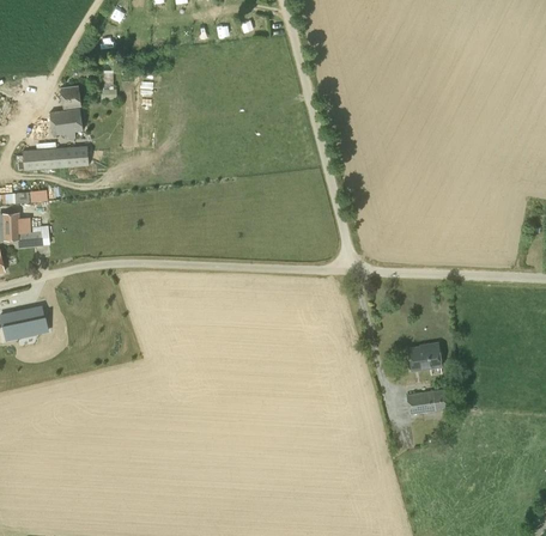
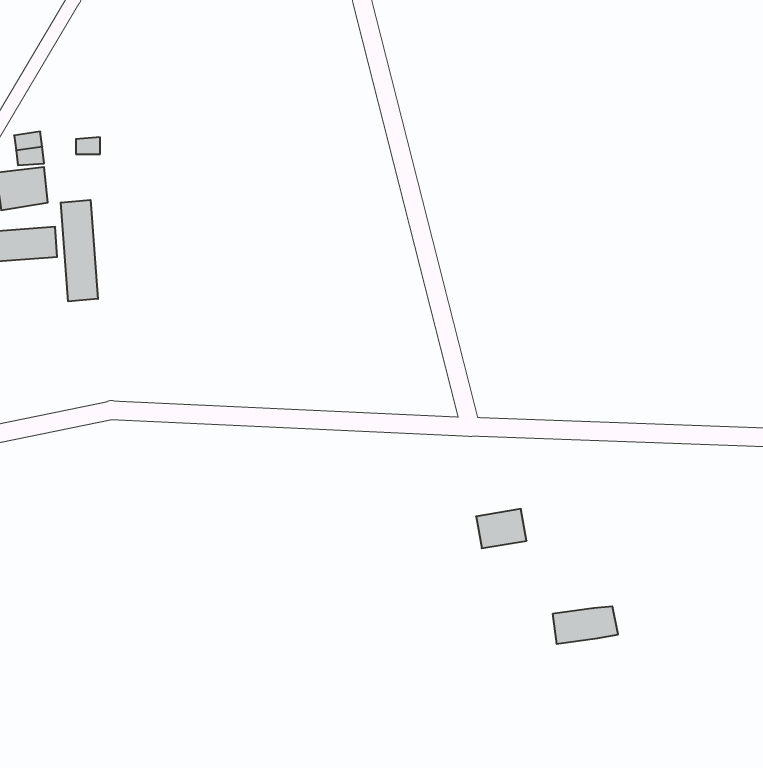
building: none -> [61,200,98,301]
building: [407,343,439,368] -> [476,509,527,548]

